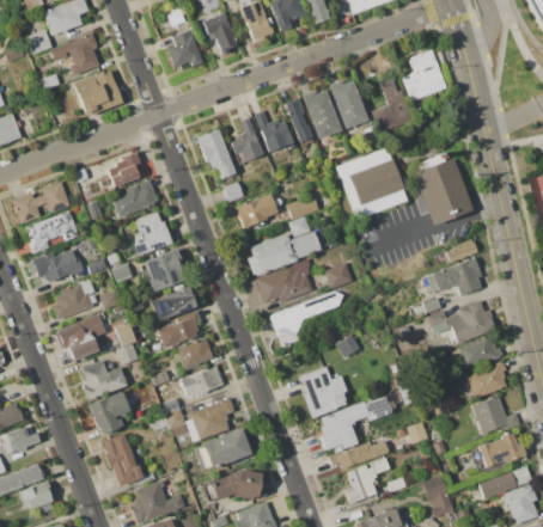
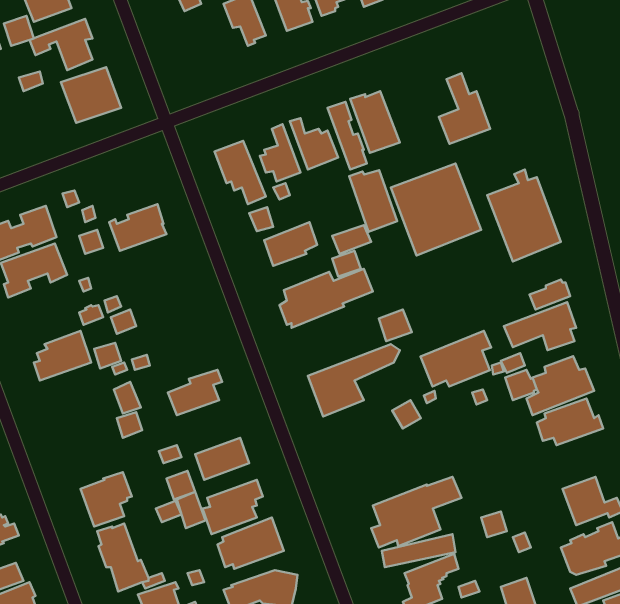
building: [166,29,203,67] -> none
building: [401,49,447,102] -> none
building: [331,80,370,129] -> [349,170,397,232]
building: [109,151,141,186] -> none
building: [134,212,172,255] -> none
building: [41,247,84,282] -> none
building: [147,249,185,292] -> none
building: [258,259,315,304] -> [421,331,491,387]
building: [150,287,196,320] -> none
building: [54,313,111,361] -> none
building: [178,338,214,368] -> none
building: [81,360,127,400] -> none
building: [469,363,508,398] -> none
building: [301,367,340,417] -> none

